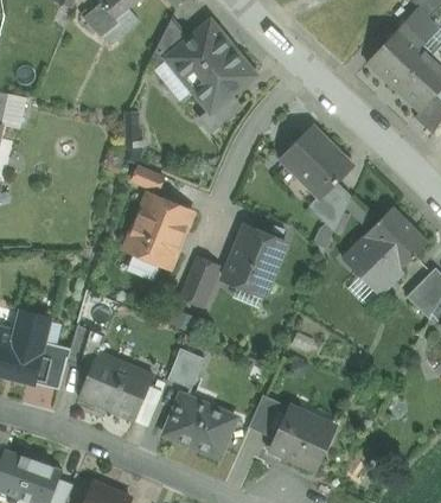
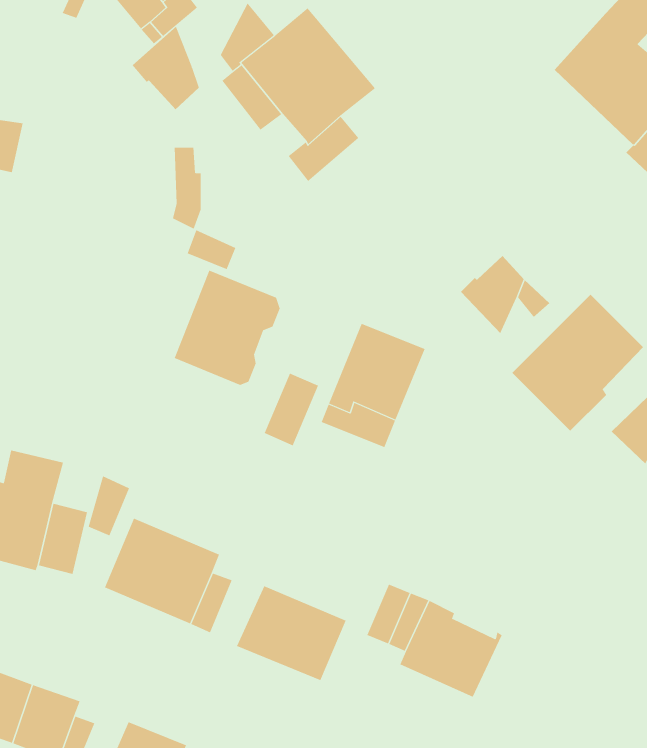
building: none -> [132,26,200,110]
building: [282,127,351,197] -> none
building: [167,348,204,387] -> none

